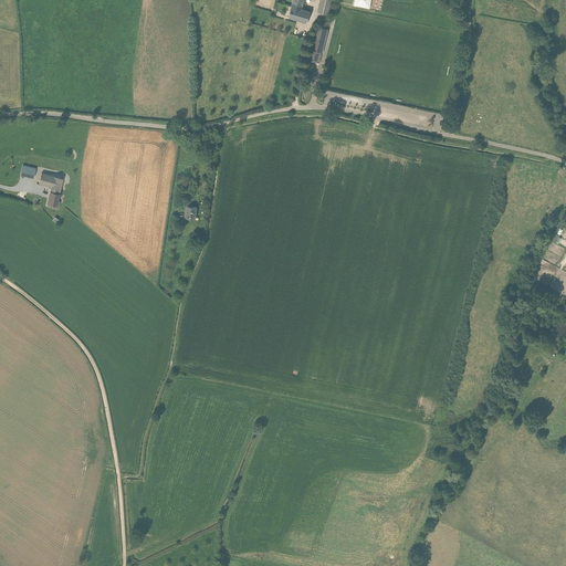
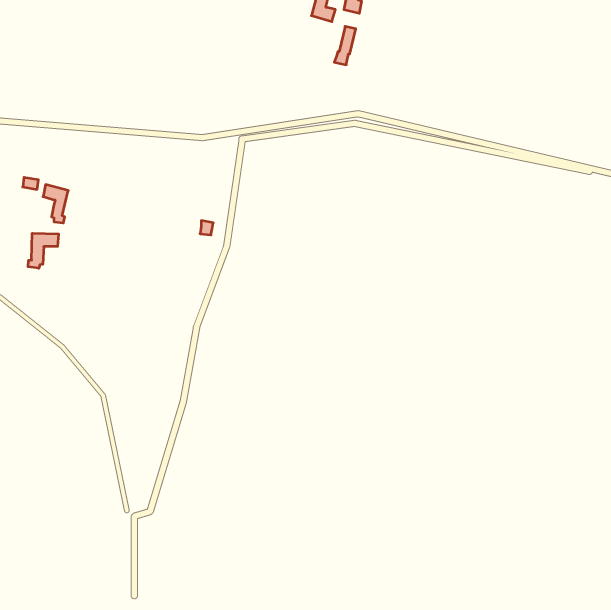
building: none -> [28,233,59,268]

